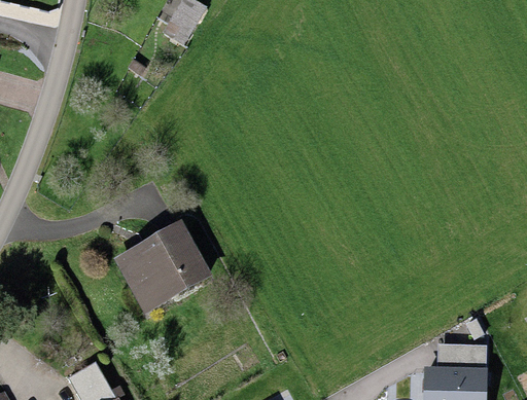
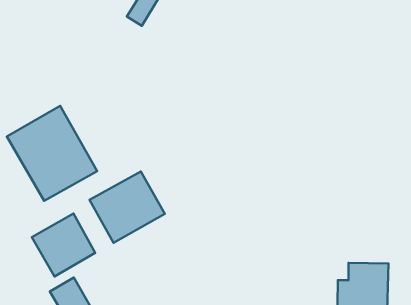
building: none -> [7,106,97,201]
building: none -> [32,214,95,277]

